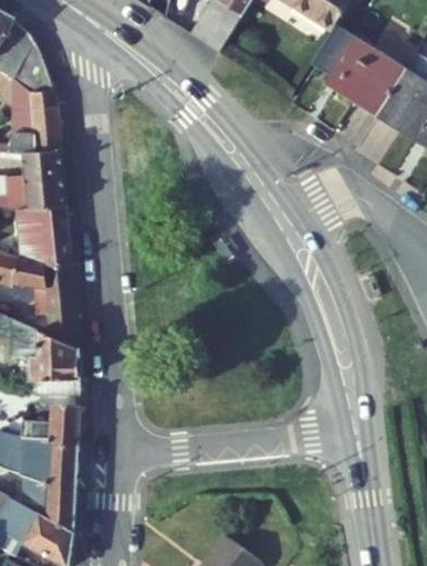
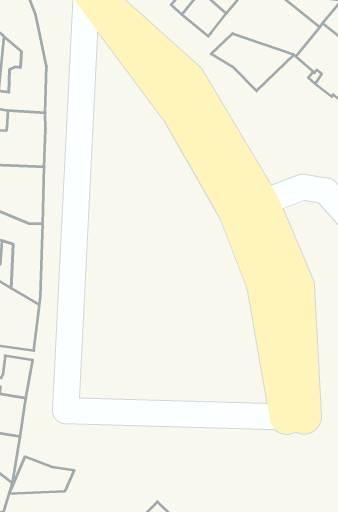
building: none -> [211,33,294,91]
building: none -> [9,457,74,494]

